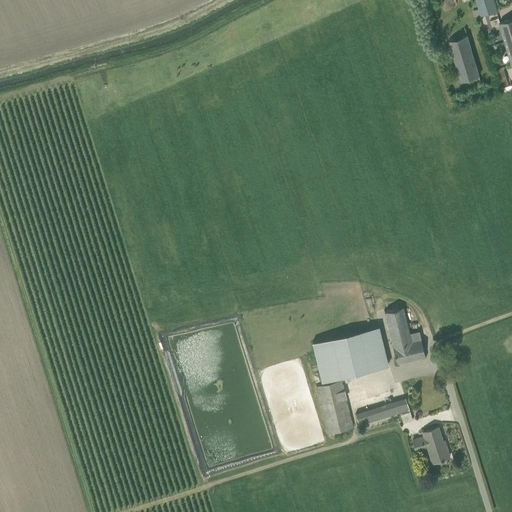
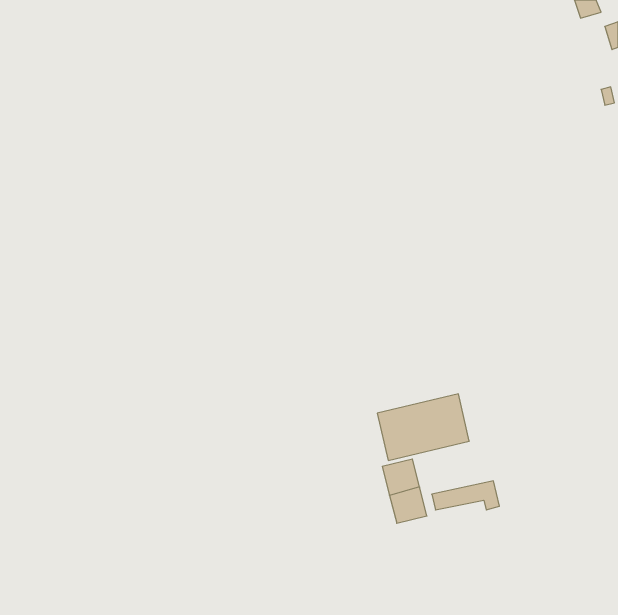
building: [449,37,479,83] -> none
building: [384,309,425,365] -> none
building: [412,428,450,464] -> none

